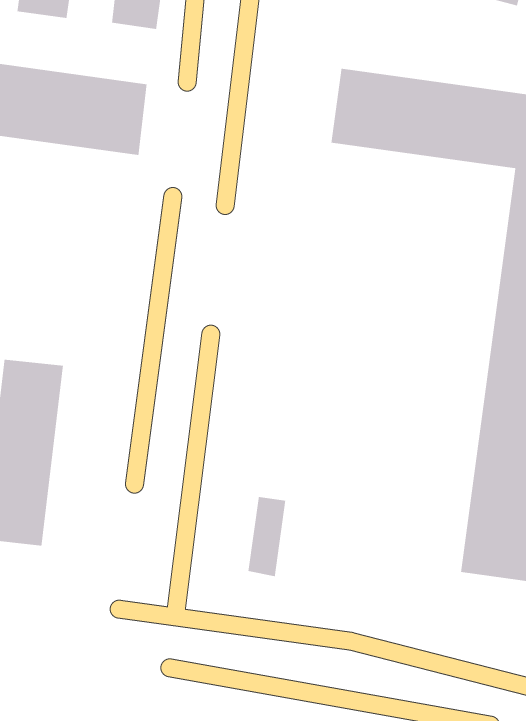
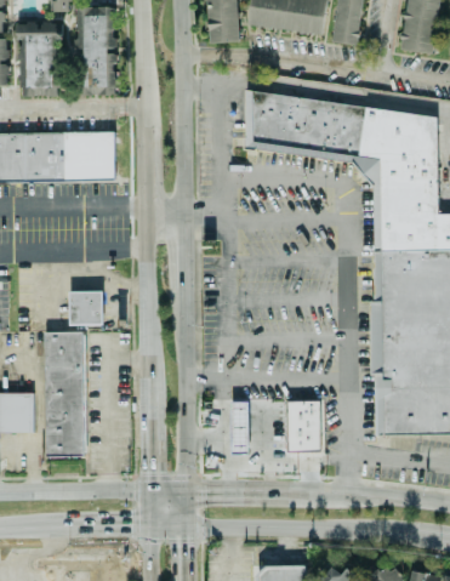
building: none -> [69,291,103,325]
building: none -> [286,400,321,451]

